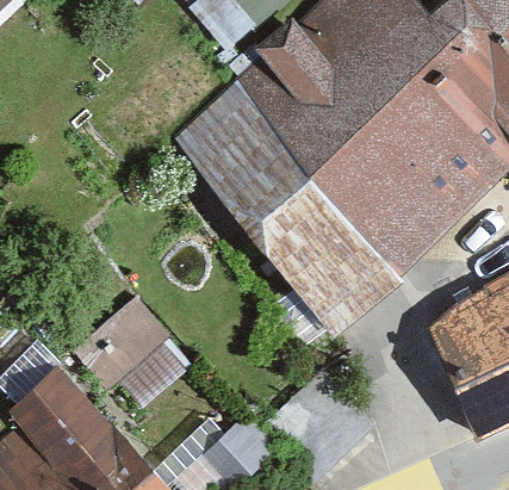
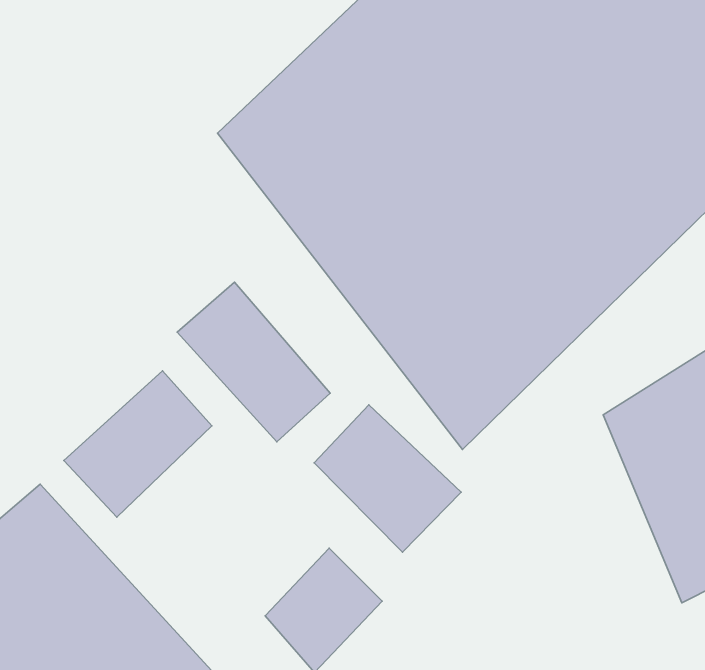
building: none -> [177,282,330,442]
building: none -> [314,405,461,552]

